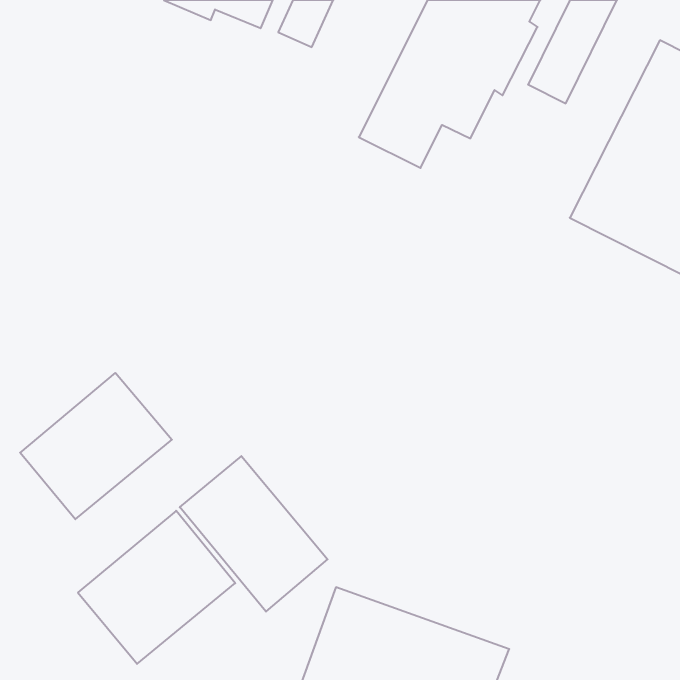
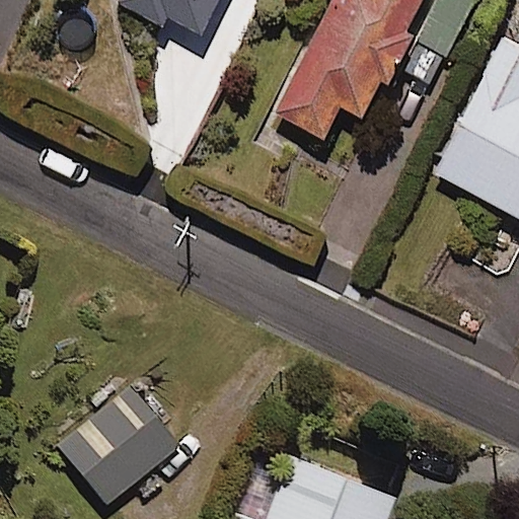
building: [20,373,172,519] -> none
building: [180,456,328,612] -> none

